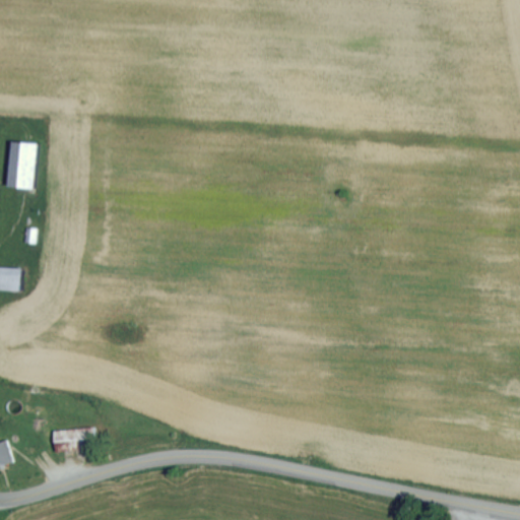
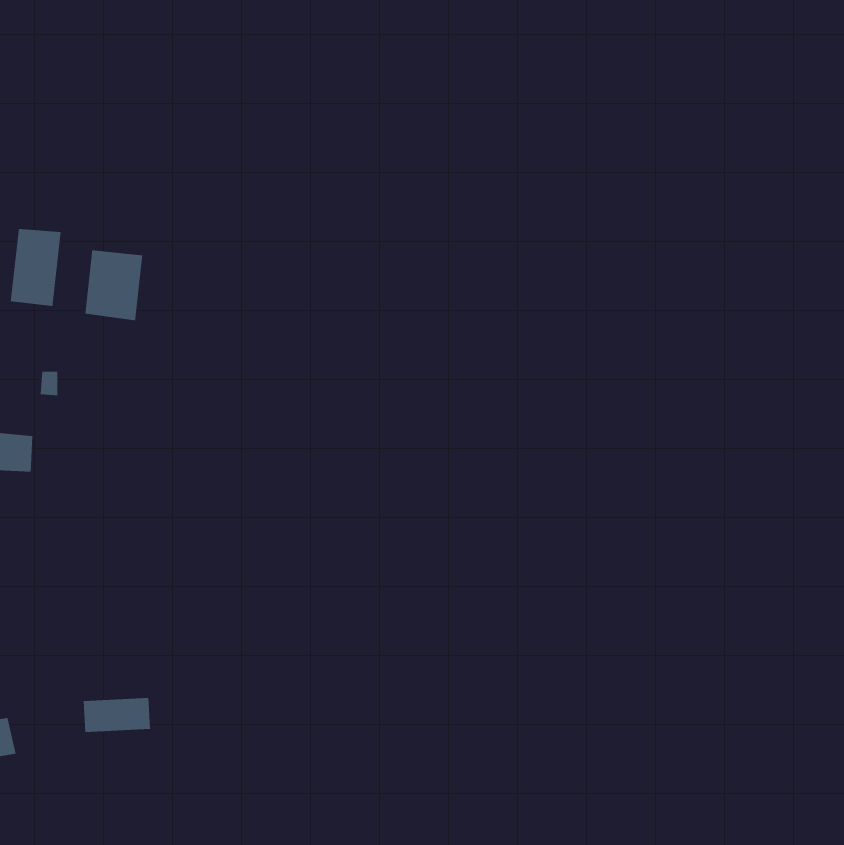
building: none -> [85,249,143,321]

